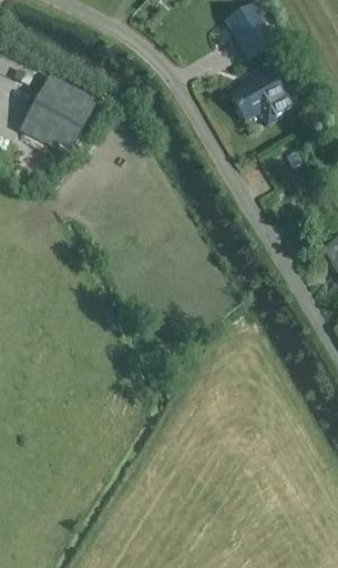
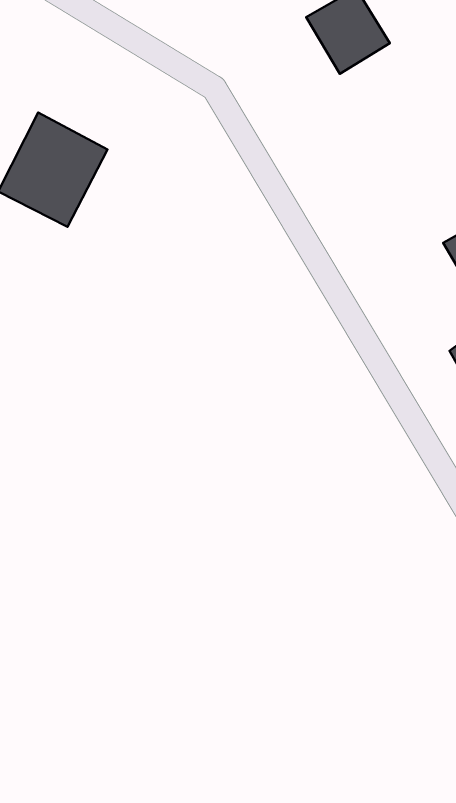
building: [231,64,300,123] -> none

